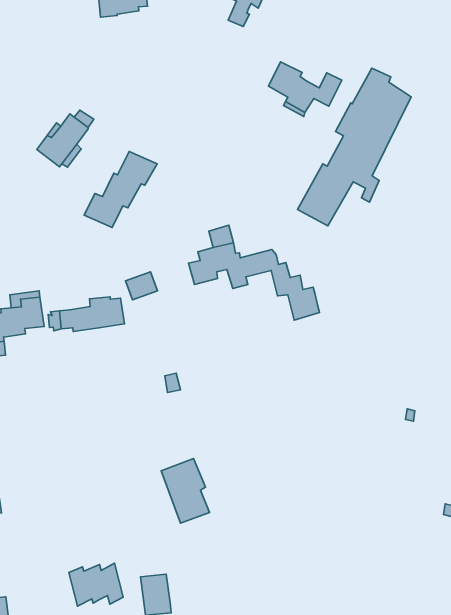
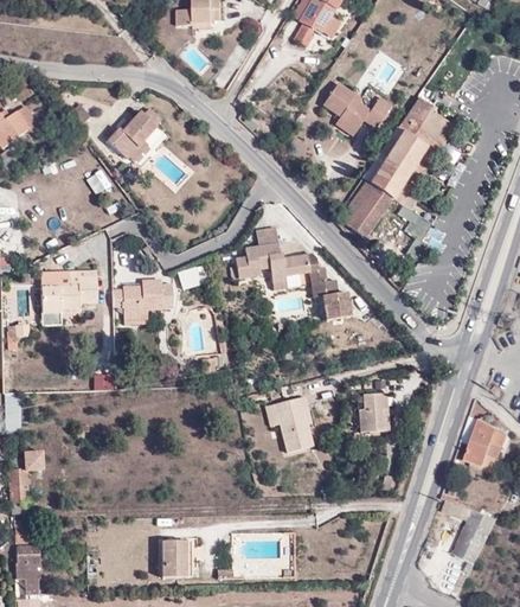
building: [84,152,157,228] -> none
building: none -> [359,394,387,432]
building: [161,458,209,523] -> [274,395,314,453]
building: [69,563,123,606] -> none

